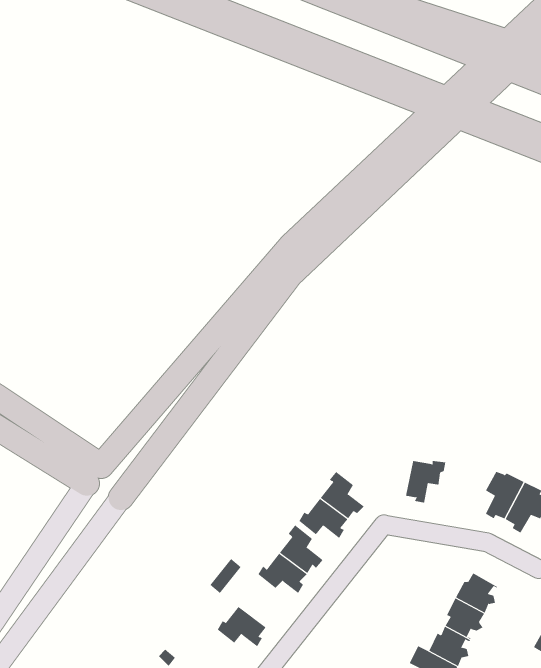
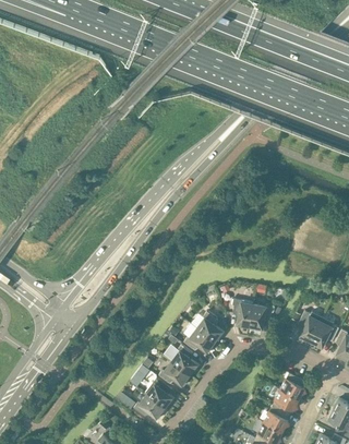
building: none -> [233,299,255,328]
building: none -> [146,379,176,408]

